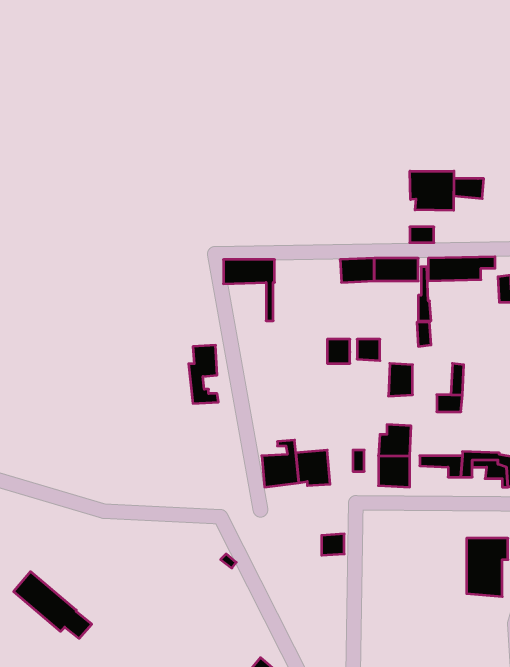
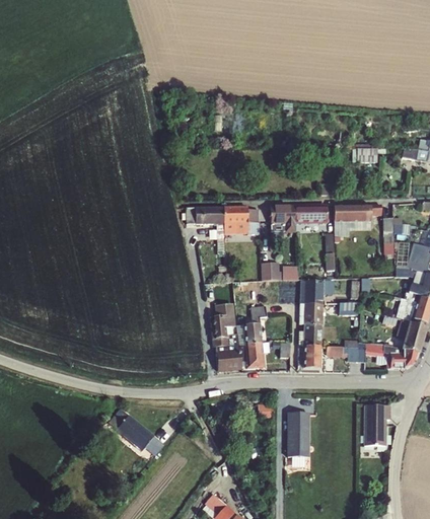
building: [410,171,454,210] -> none
building: none -> [224,207,261,233]
building: [189,345,218,403] -> [212,305,233,347]
building: none -> [304,303,322,325]
building: none -> [237,306,266,345]
building: none -> [287,413,309,457]
building: [14,572,92,638] -> [108,409,163,456]

